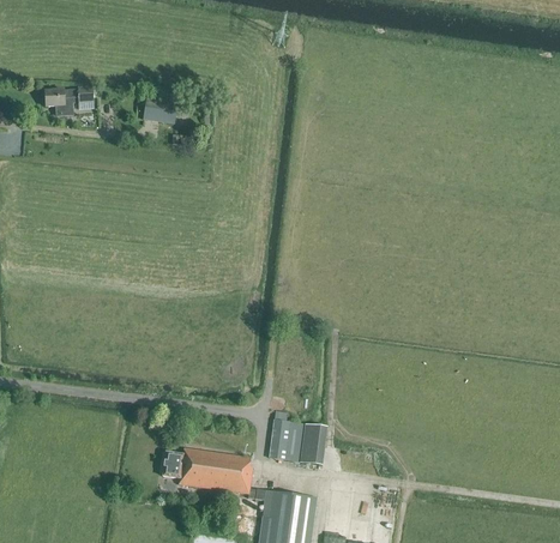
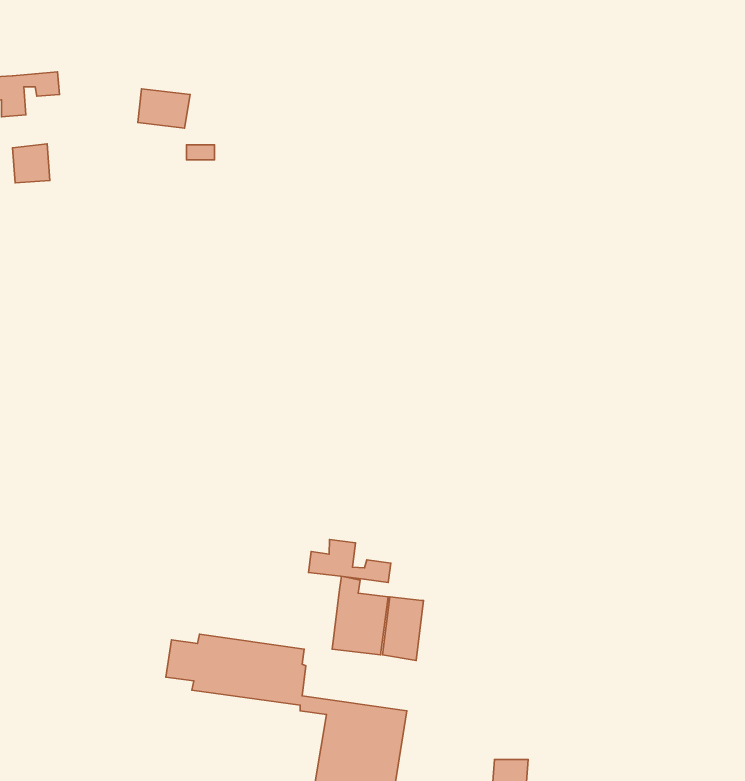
building: none -> [12,144,50,183]
building: none -> [308,540,391,582]

